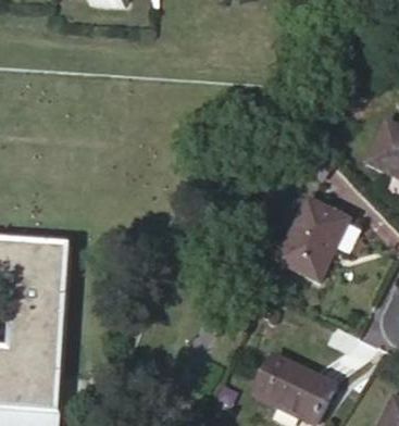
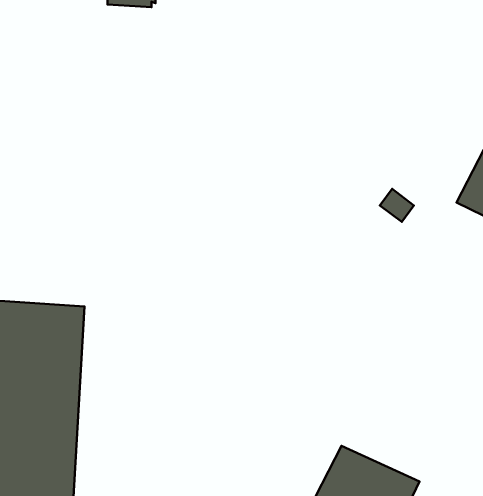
building: [278,198,347,280] -> none

